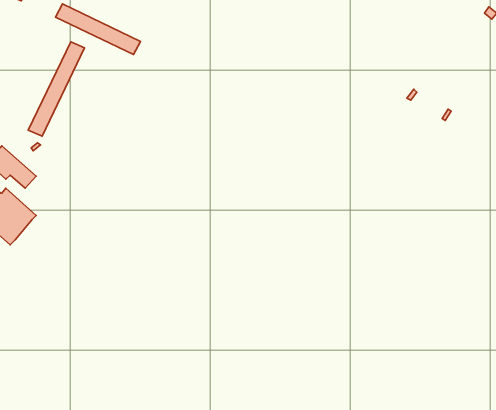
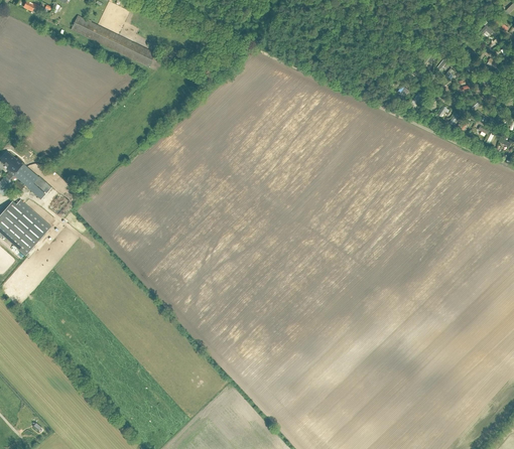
building: [28,42,85,136] -> none

